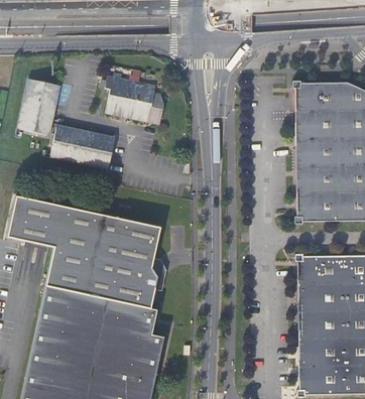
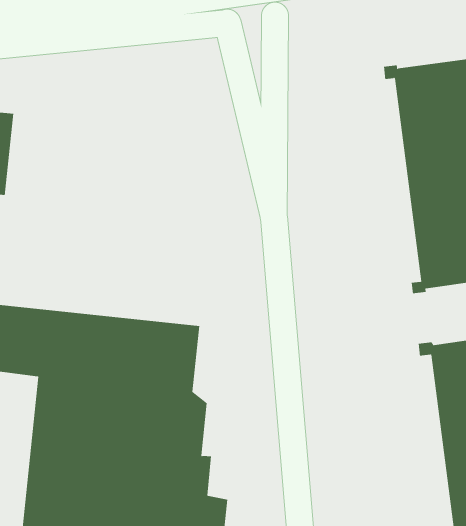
building: [105,72,164,124] -> none
building: [49,123,116,168] -> none

